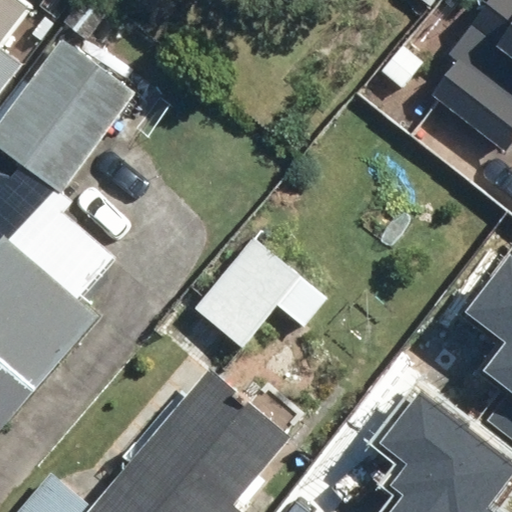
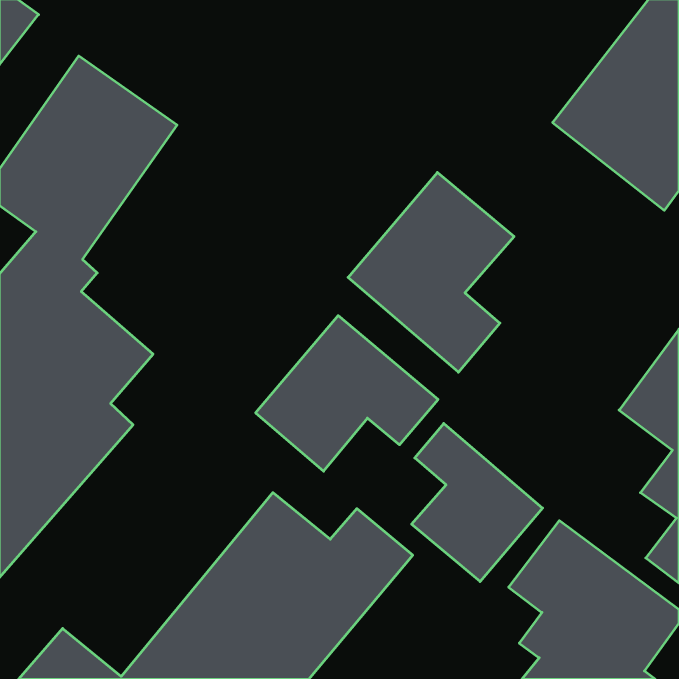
building: none -> [348,172,514,372]
building: none -> [412,423,543,582]

